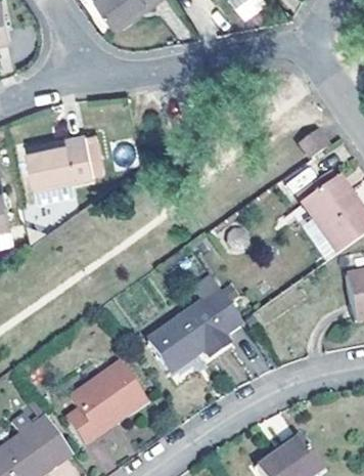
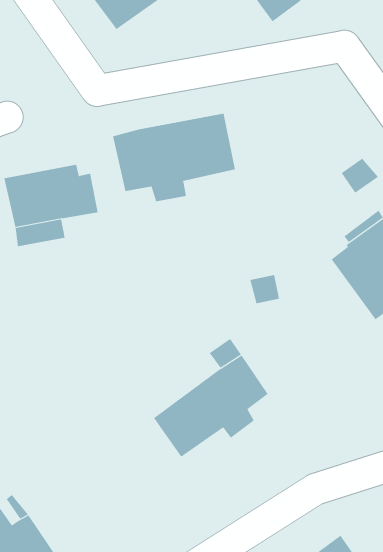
building: none -> [112,113,236,202]
building: [66,364,146,445] -> none

